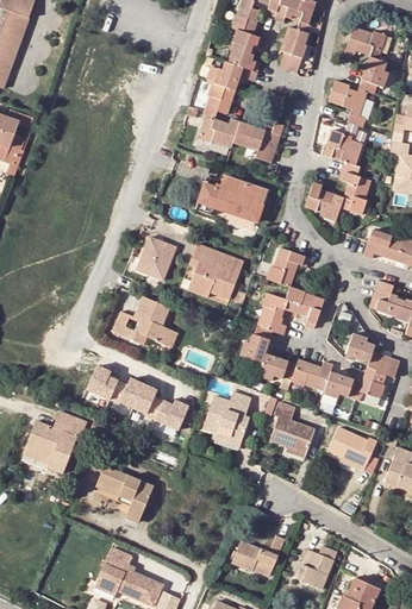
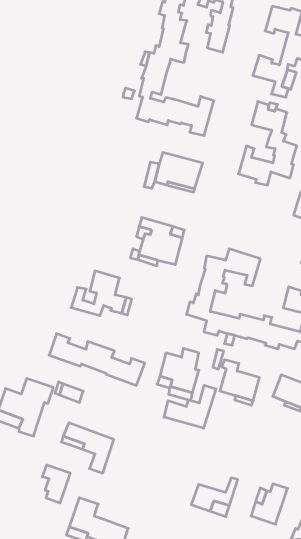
building: [137,241,175,284] -> none
building: [264,247,308,287] -> none
building: none -> [164,385,216,428]
building: none -> [42,465,70,503]

